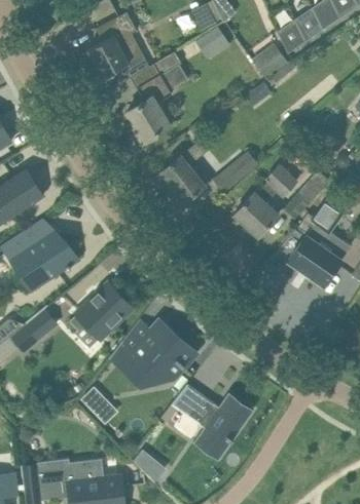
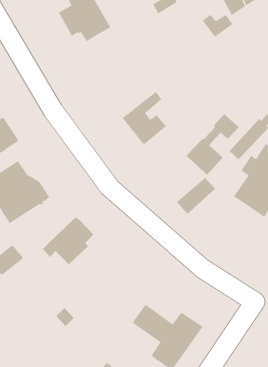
building: [127,52,180,145] -> none
building: [214,152,259,195] -> [176,177,216,215]
building: [111,321,194,383] -> none

